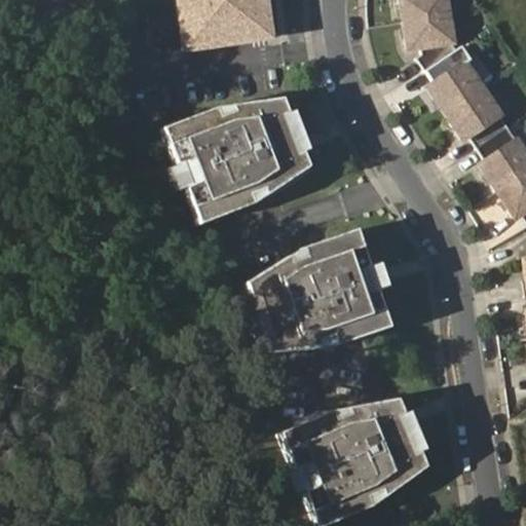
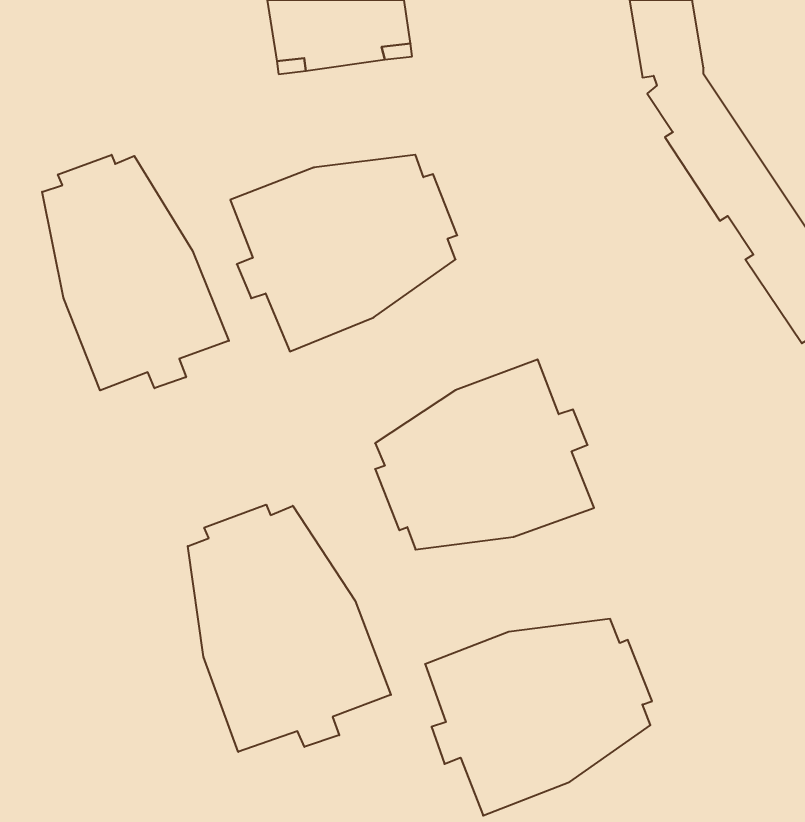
building: none -> [42,155,229,390]
building: none -> [188,505,391,752]

